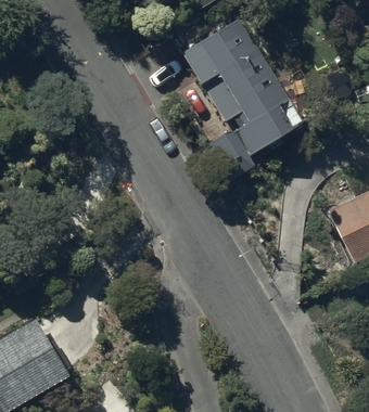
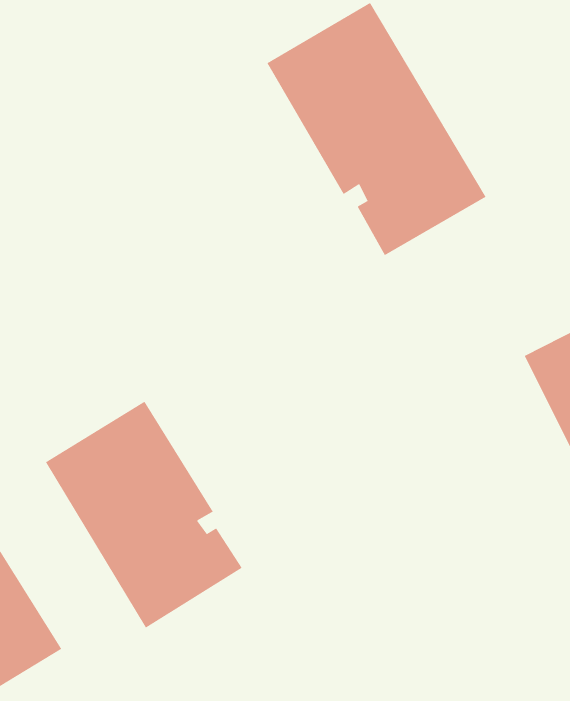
building: none -> [45,401,243,628]

